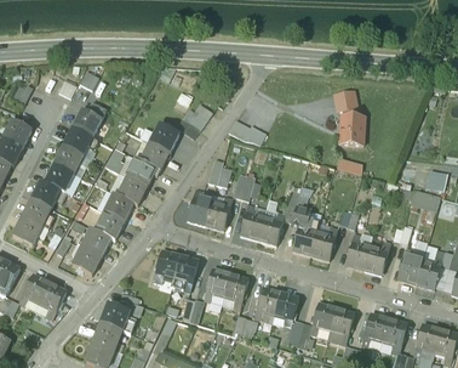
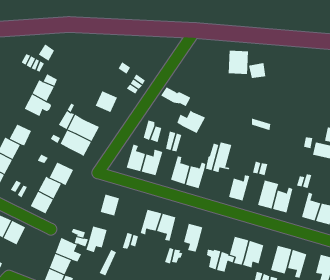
building: [339,115,365,145] -> [228,50,249,74]
building: [133,140,168,171] -> none
building: [55,147,91,179] -> none
building: none -> [176,109,206,134]
building: [97,189,132,221] -> none
building: [292,219,319,254] -> none
building: [171,255,197,288] -> [86,226,108,253]
building: [271,290,298,324] -> none

